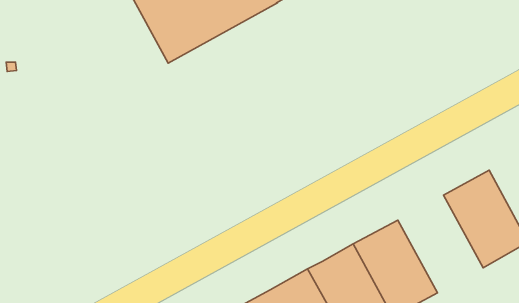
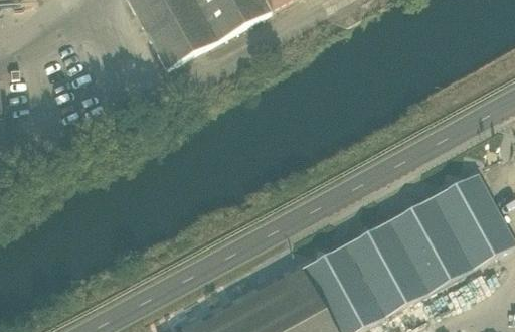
building: none -> [388,196,471,291]

